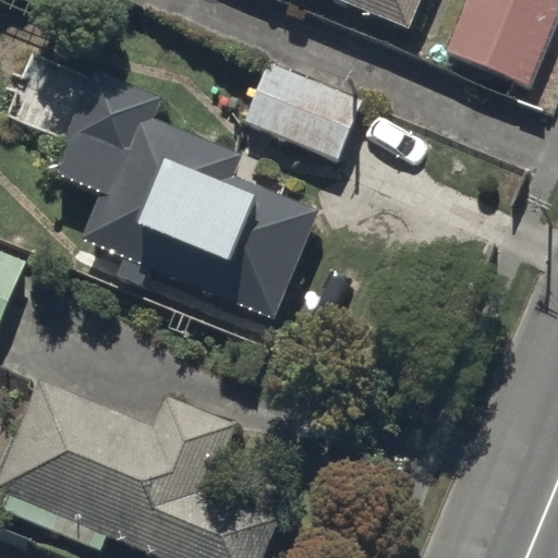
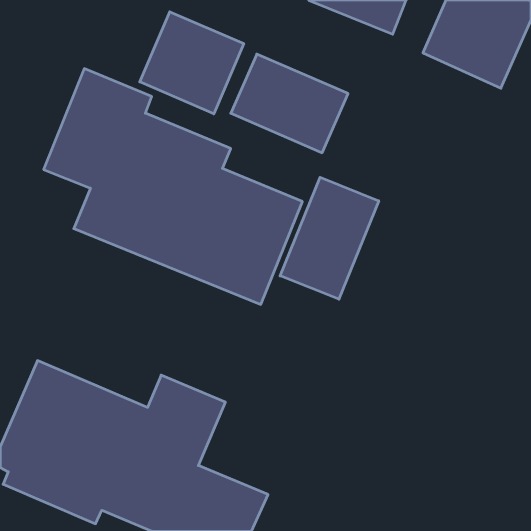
building: none -> [140,12,244,114]
building: none -> [280,177,379,299]

